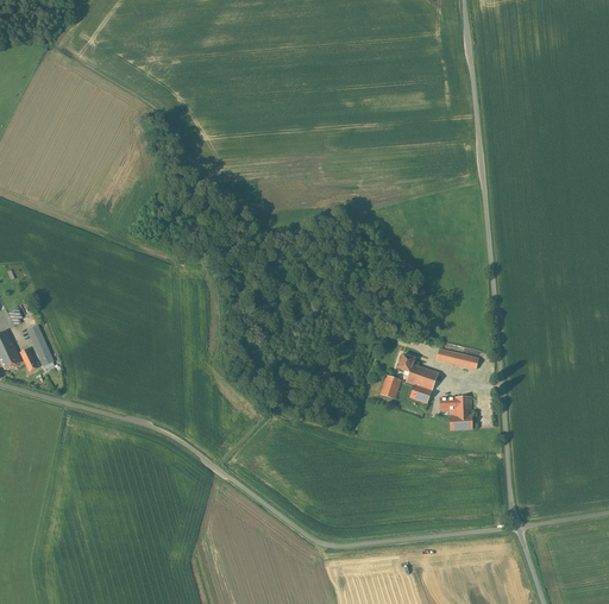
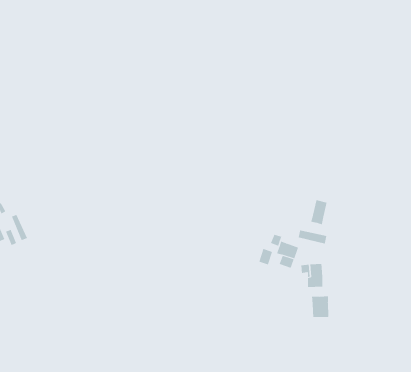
building: none -> [311,199,327,225]
building: none -> [312,295,330,318]

